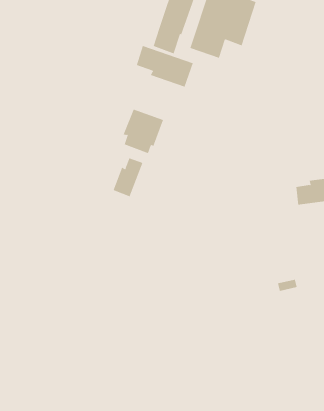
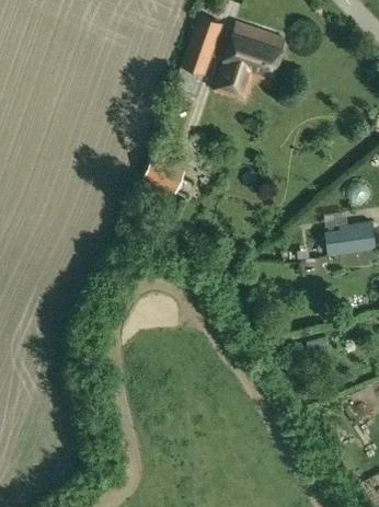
building: [136,45,193,87] -> none
building: [113,158,143,197] -> none

